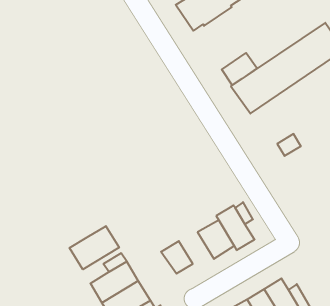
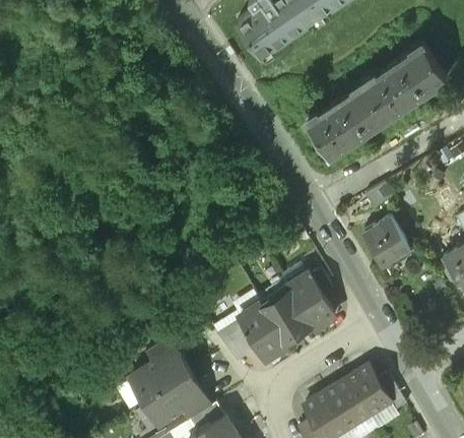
building: [222,53,257,85] -> none
building: none -> [363,220,409,267]
building: [70,226,119,269] -> none
building: none -> [238,304,286,361]

